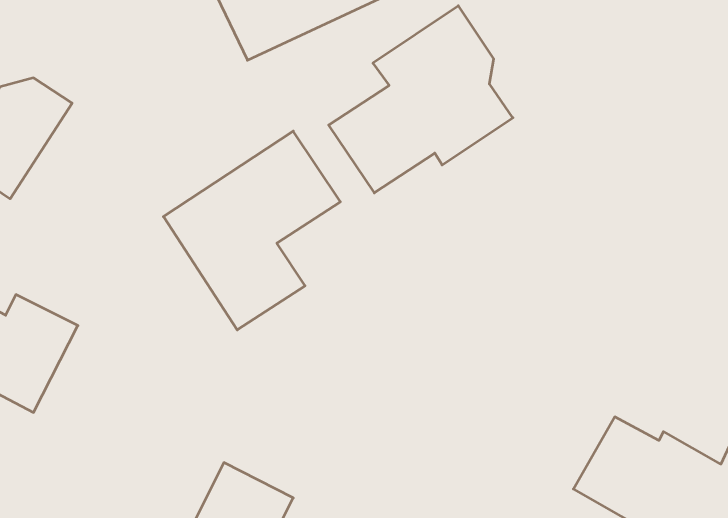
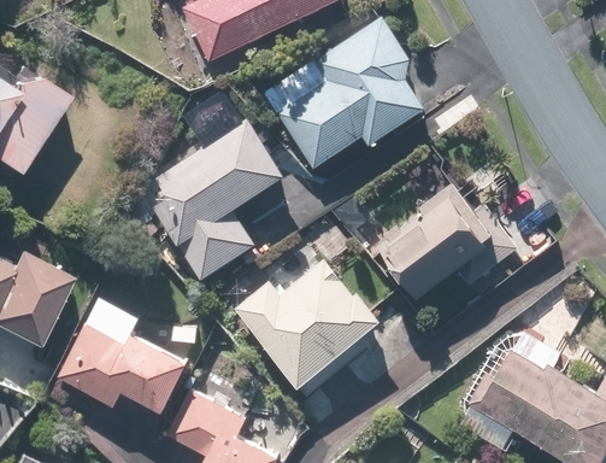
building: none -> [376,182,518,299]
building: none -> [235,258,382,388]
building: none -> [58,322,189,414]

